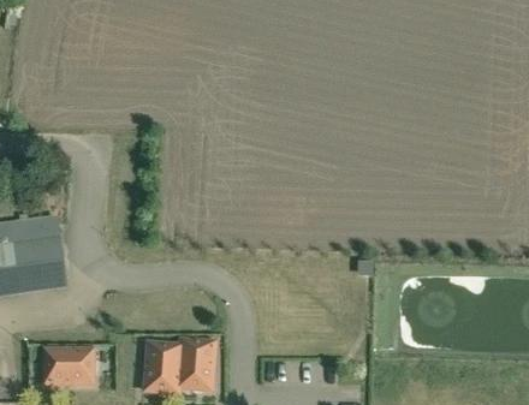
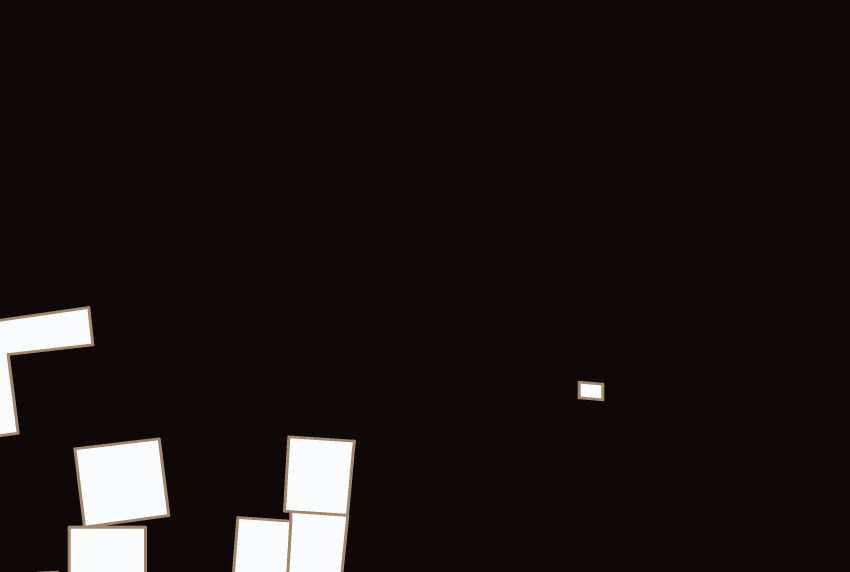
building: [8,237,66,291] -> [75,439,169,527]
building: none -> [284,437,355,515]

